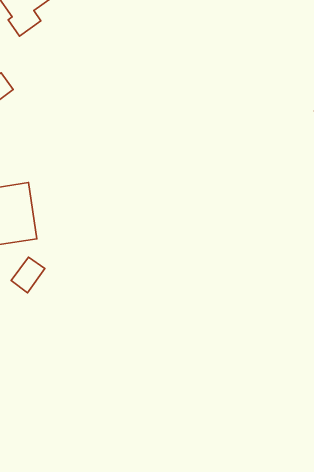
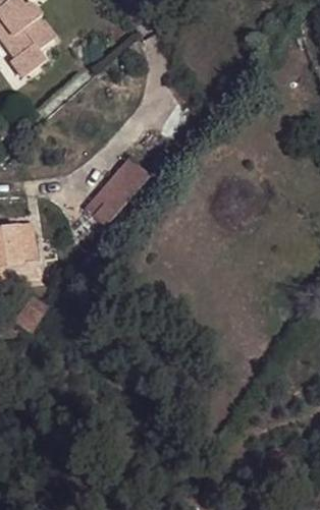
building: none -> [85,155,149,224]

